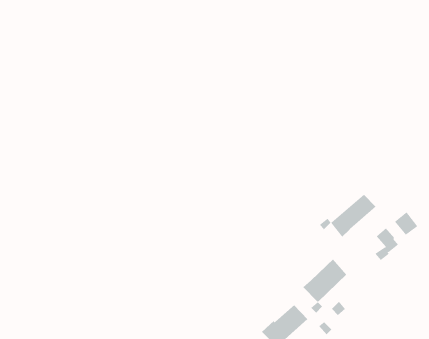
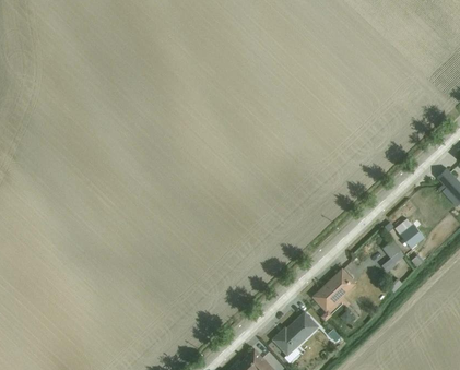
building: [319,194,376,237] -> none

